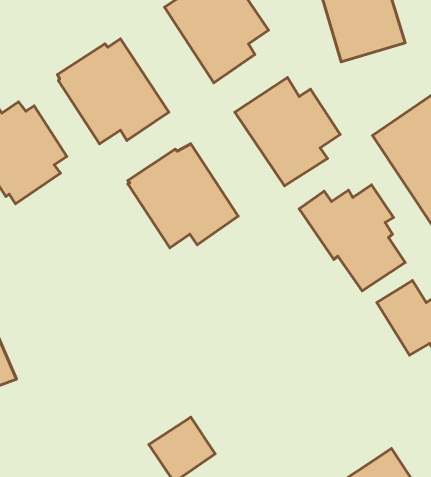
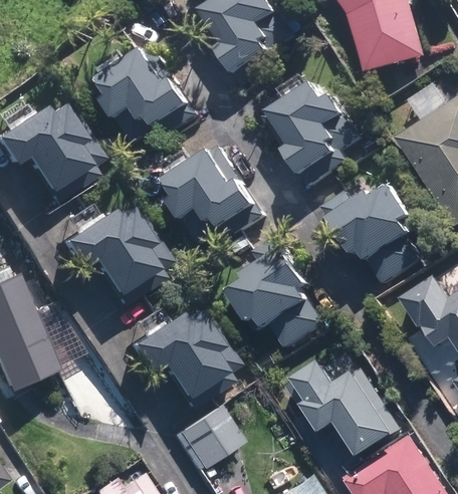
building: none -> [53,206,167,304]
building: none -> [226,234,323,347]
building: none -> [124,311,237,410]
building: none -> [288,361,387,453]

